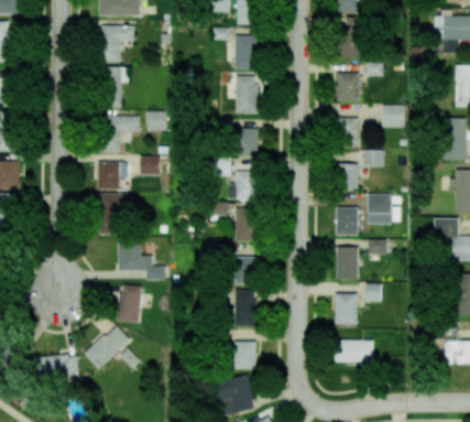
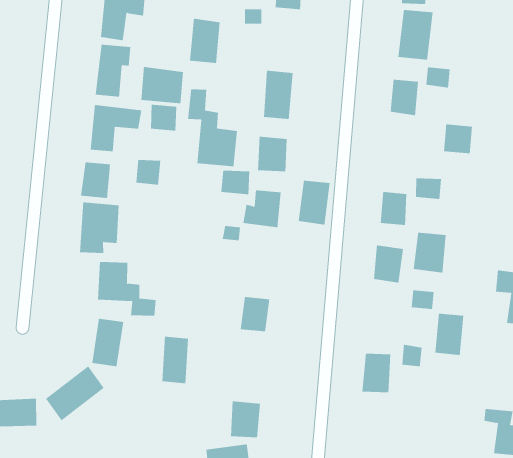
building: [234,35,256,69] -> [189,18,221,63]
building: none -> [141,66,183,104]
building: none -> [188,88,237,167]
building: [336,118,358,145] -> none
building: [234,208,258,242] -> [298,180,331,225]
building: [337,248,358,280] -> [434,313,464,355]
building: [234,291,255,327] -> [161,336,189,384]
building: [335,340,373,363] -> none

